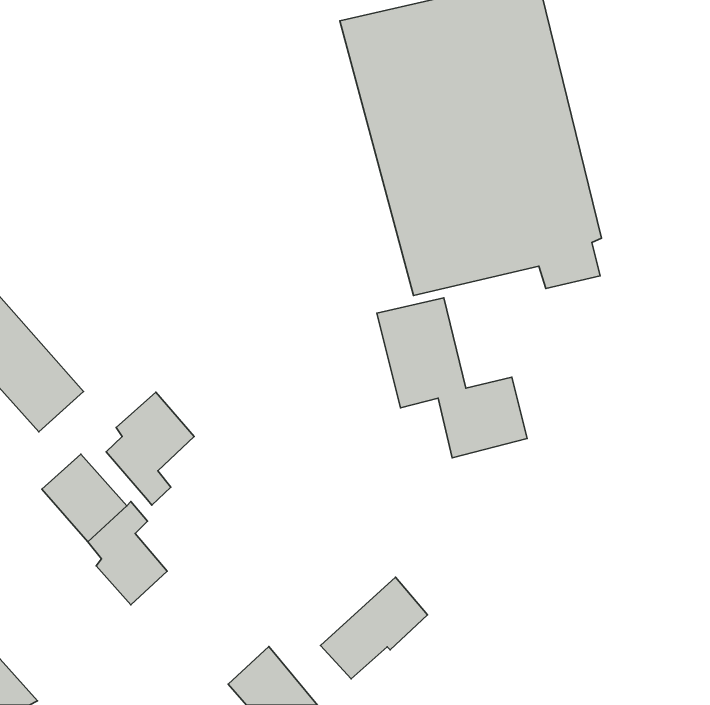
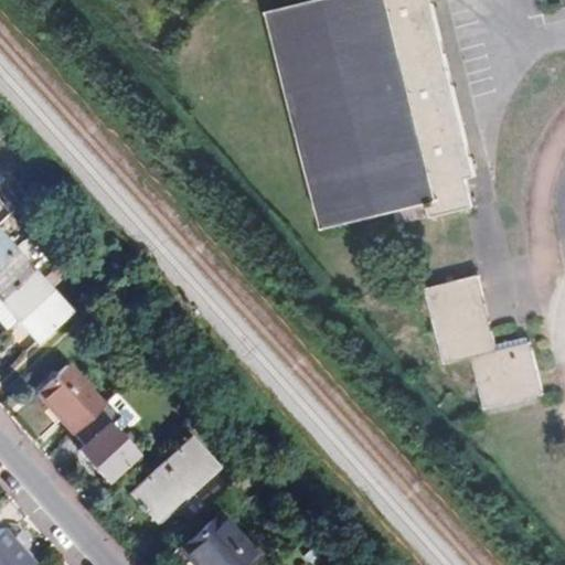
building: [377,298,527,458] -> [424,277,543,404]
building: [106,392,194,505] -> none
building: [320,577,428,679] -> [128,435,213,515]

